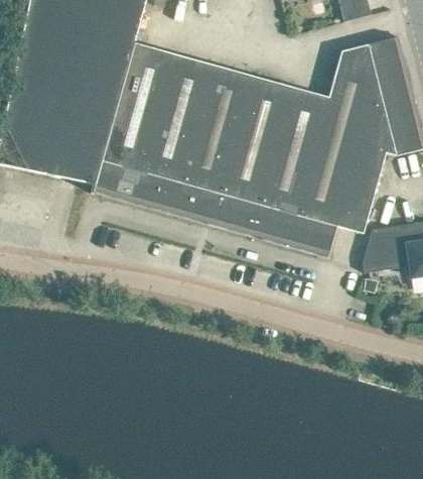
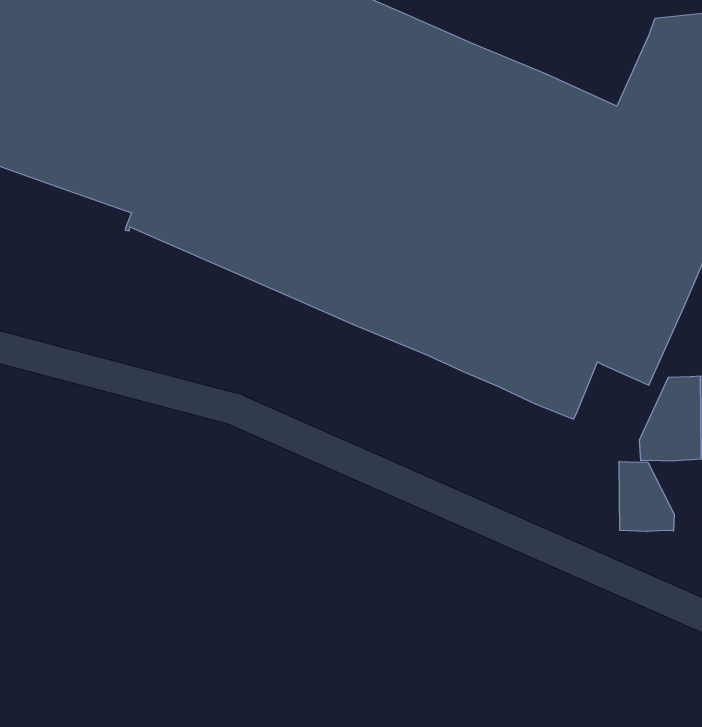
building: none -> [619,461,674,532]

